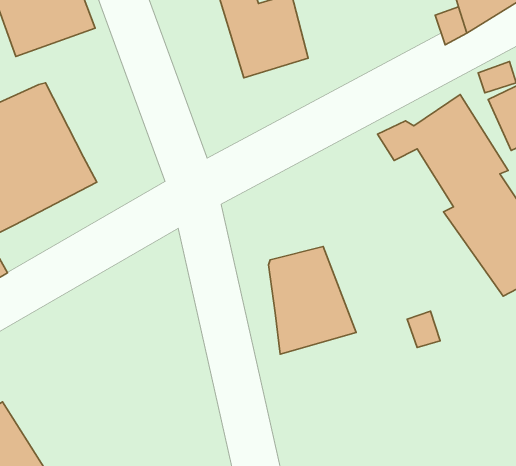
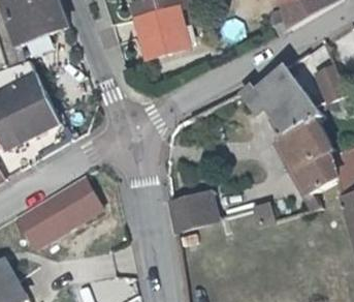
building: none -> [15,178,98,245]

